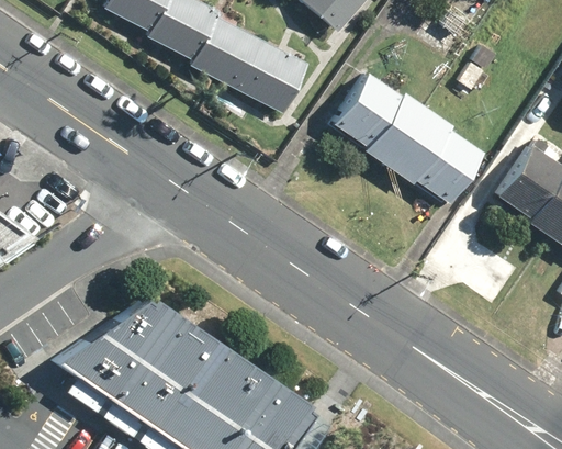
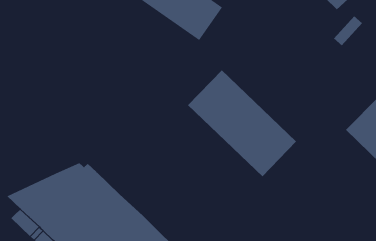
building: [329,74,483,209] -> [187,69,297,177]

